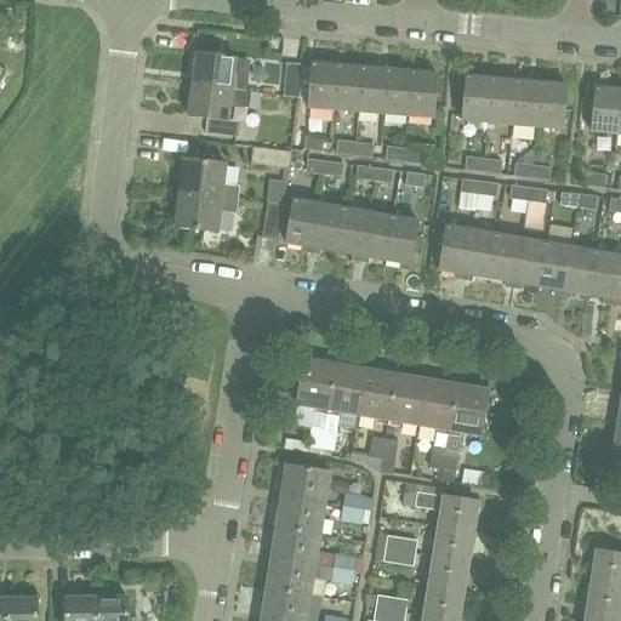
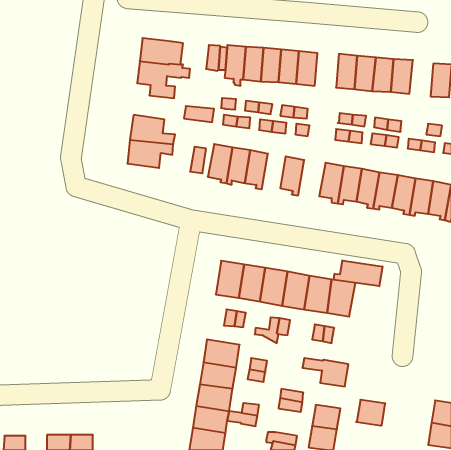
building: [360,211,393,261] -> none
building: none -> [334,260,382,286]
building: [434,525,474,560] -> [356,400,385,425]

